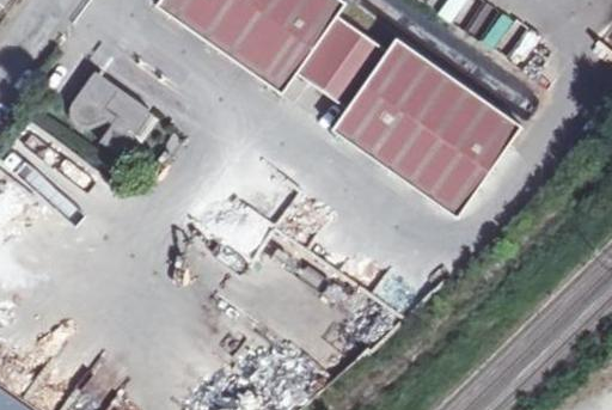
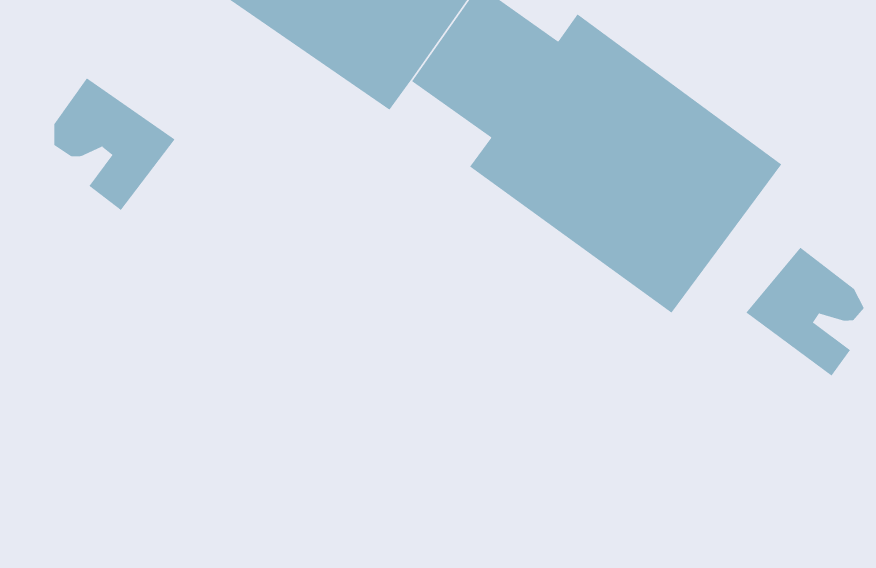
building: none -> [745,247,864,376]

